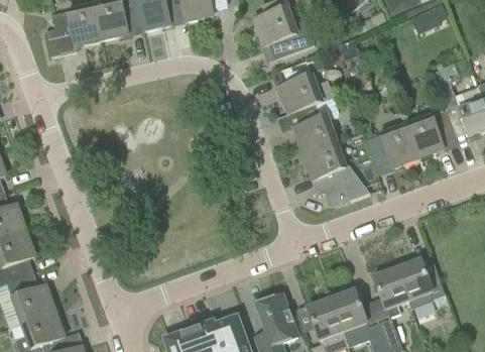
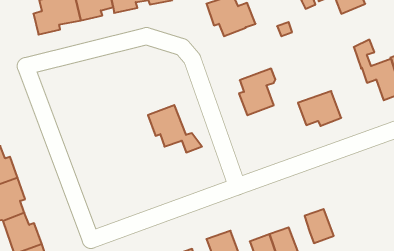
building: [278,61,333,114] -> none
building: [405,97,456,157] -> none
building: [304,142,369,200] -> [148,105,202,152]
building: [396,259,445,307] -> none

